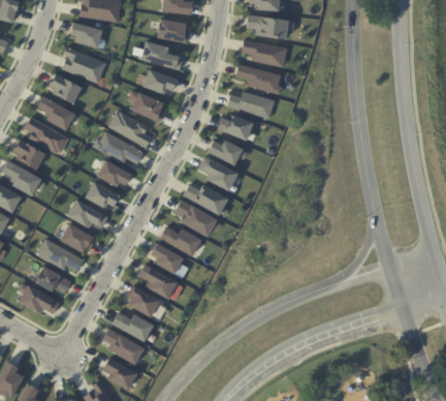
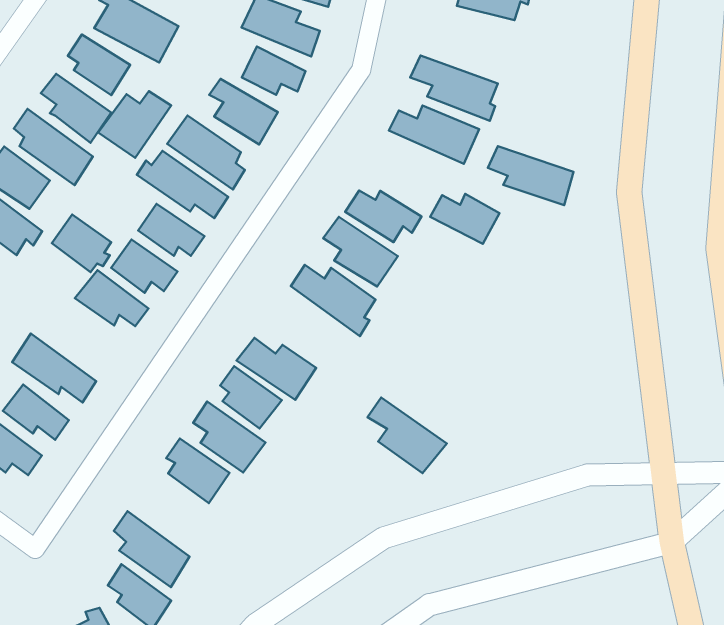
building: [241,39,287,67] -> [488,146,574,205]
building: none -> [98,91,171,158]
building: [217,115,254,141] -> [430,194,500,244]
building: [174,199,219,238] -> [368,398,447,473]
building: [61,223,93,253] -> [52,215,111,272]
building: [112,312,155,342] -> none

